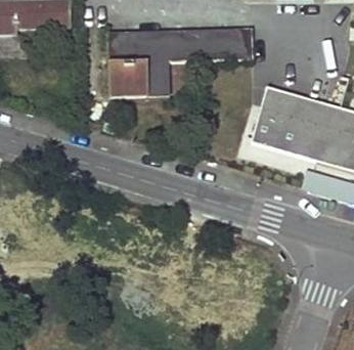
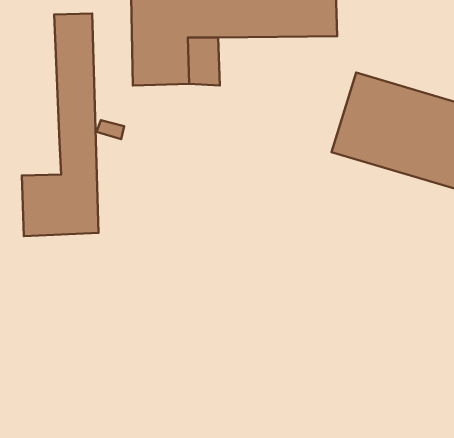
building: none -> [22,14,99,236]

